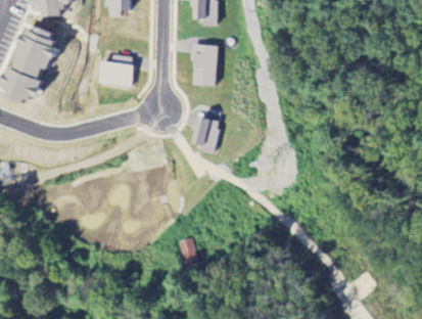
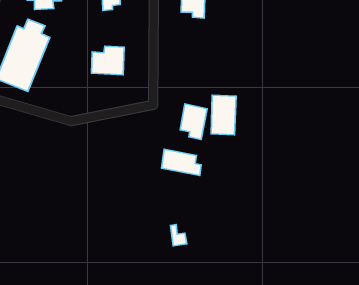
building: [193,44,220,86] -> [211,95,236,135]
building: none -> [162,149,201,175]

